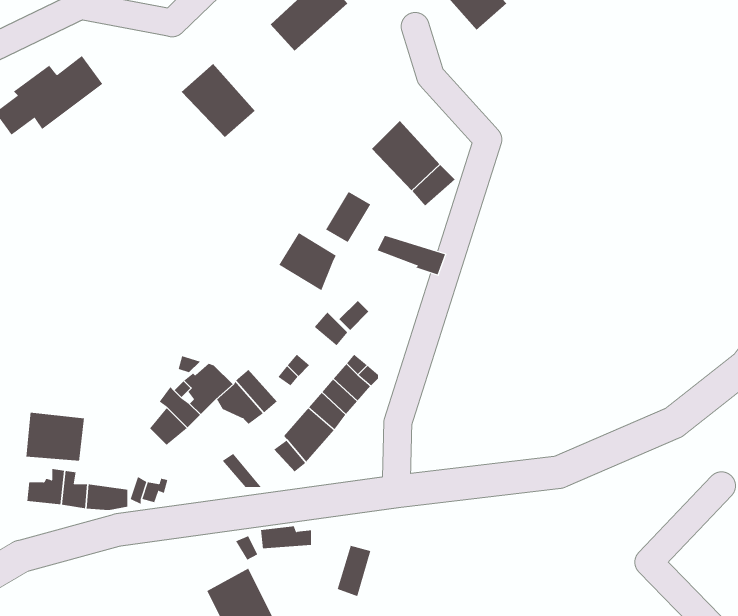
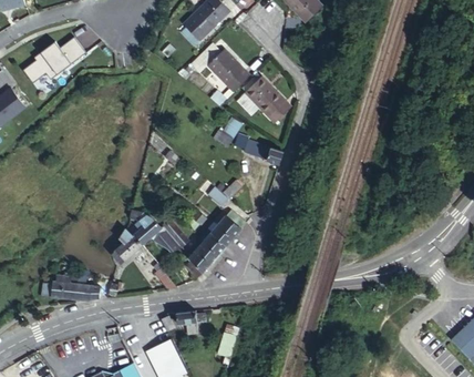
building: [181,63,255,138] -> [204,45,247,89]
building: [278,232,337,291] -> none
building: [26,412,85,462] -> none

